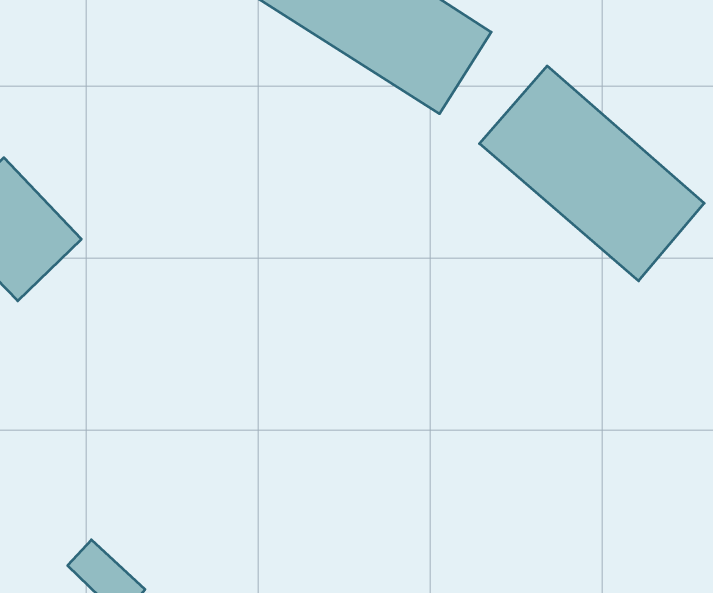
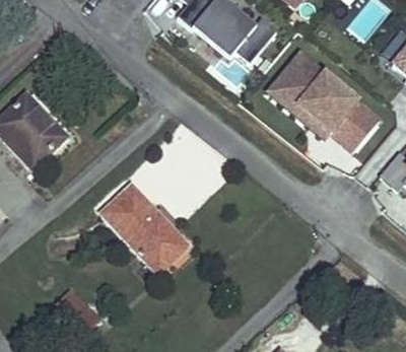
building: none -> [100,183,189,272]

